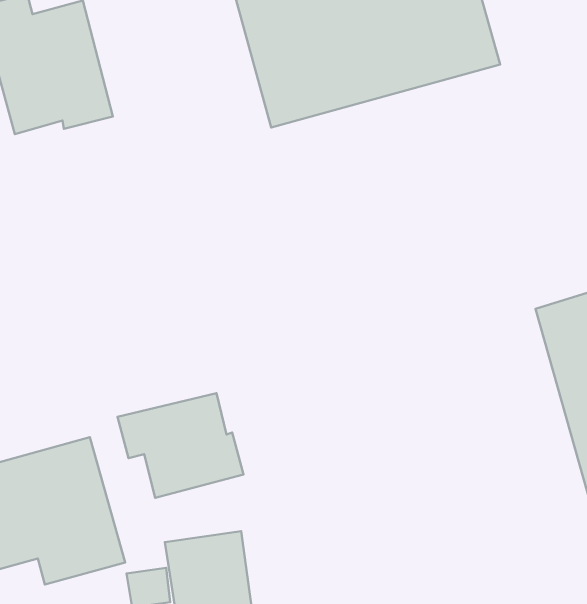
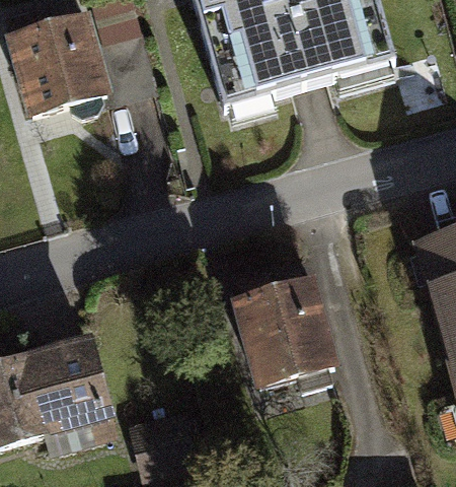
building: none -> [232,271,330,386]
building: [118,393,244,498] -> none

